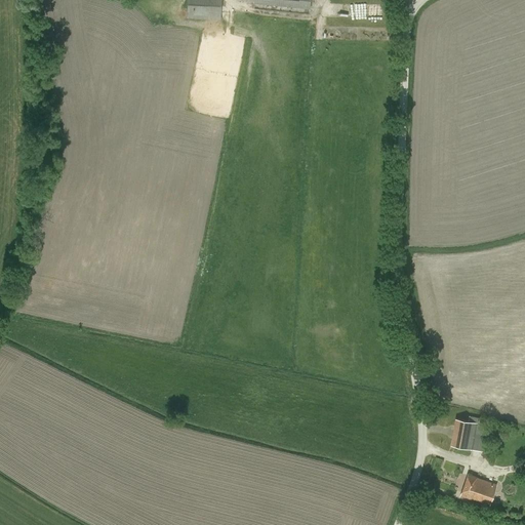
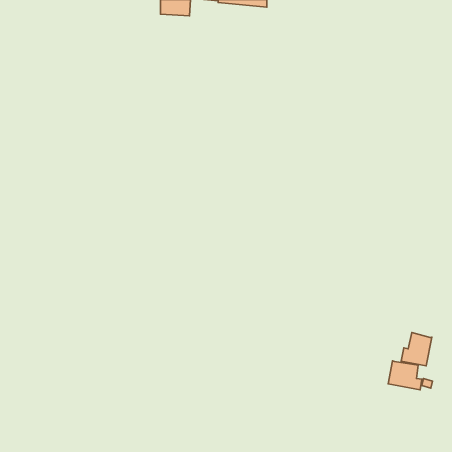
building: none -> [401,333,432,366]
building: [459,474,495,504] -> none

